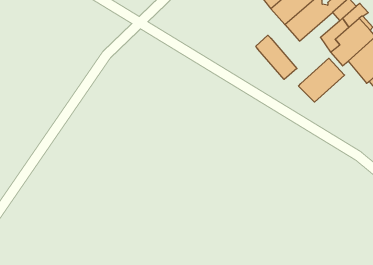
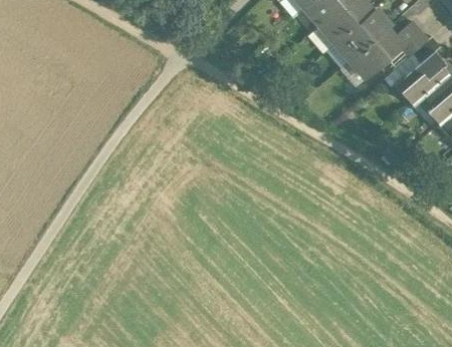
building: [256,35,297,79] -> none
building: [299,58,345,102] -> none

